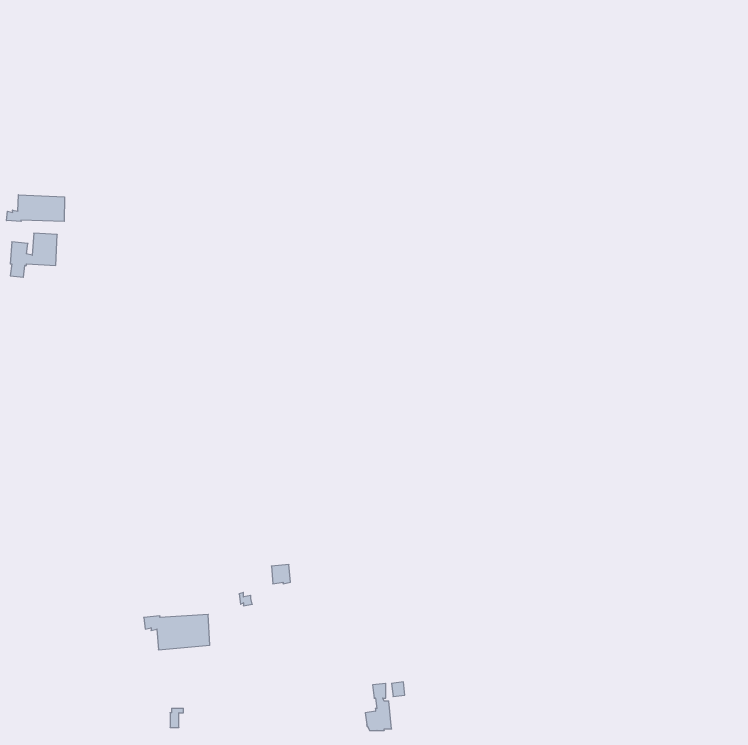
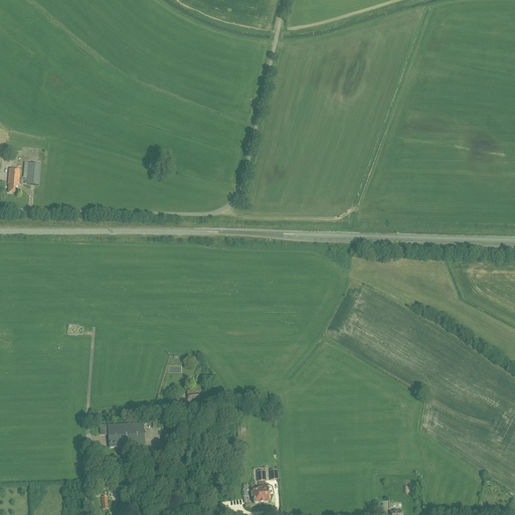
building: [7,195,64,221] -> none

